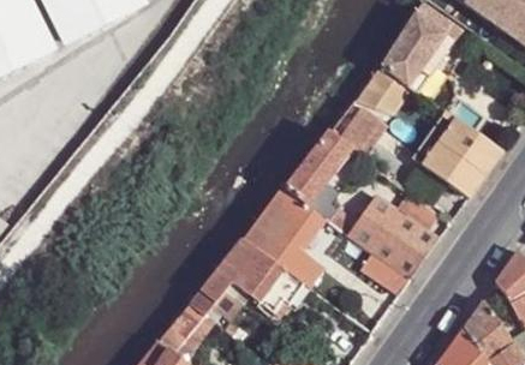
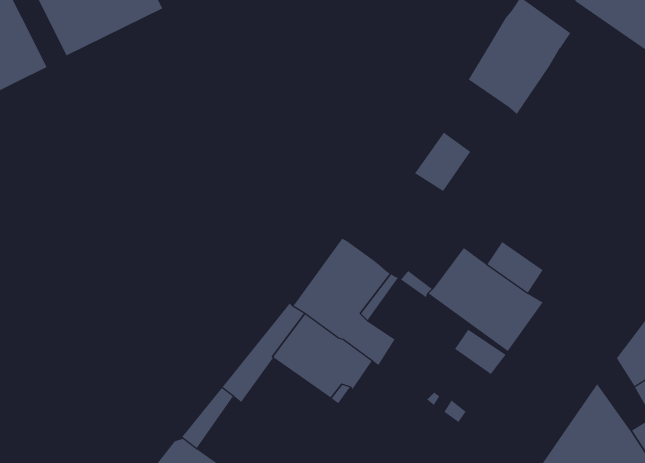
building: [347,64,411,112] -> none
building: [411,109,502,196] -> none
building: [286,133,352,207] -> none

